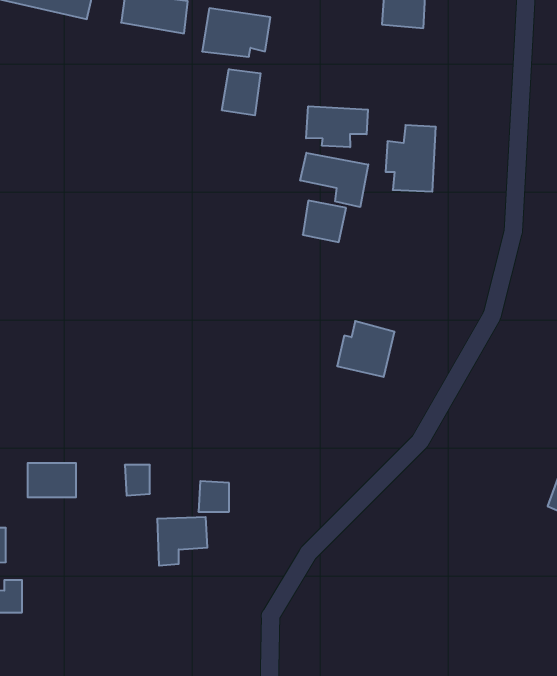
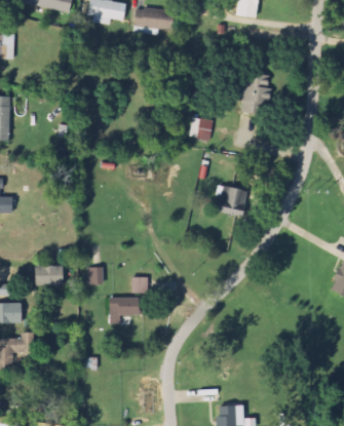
building: [222,69,261,115] -> none
building: [306,106,368,147] -> none
building: [300,153,368,207] -> none

